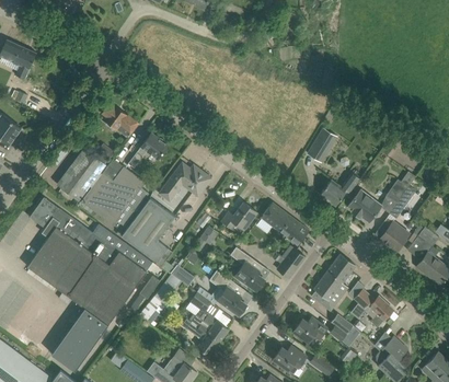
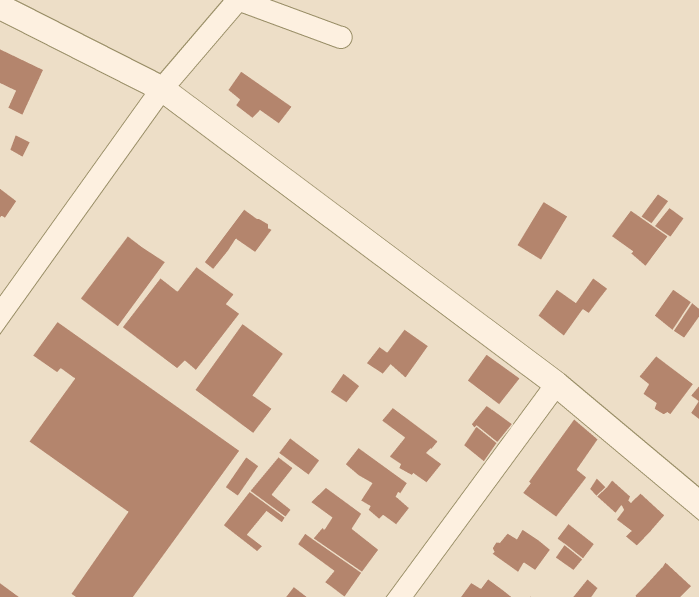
building: [102,103,139,134] -> [228,71,292,124]
building: [159,163,211,201] -> none
building: [348,190,382,223] -> [610,210,669,267]
building: [261,202,290,232] -> none

